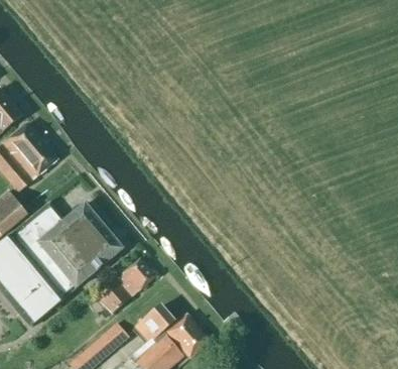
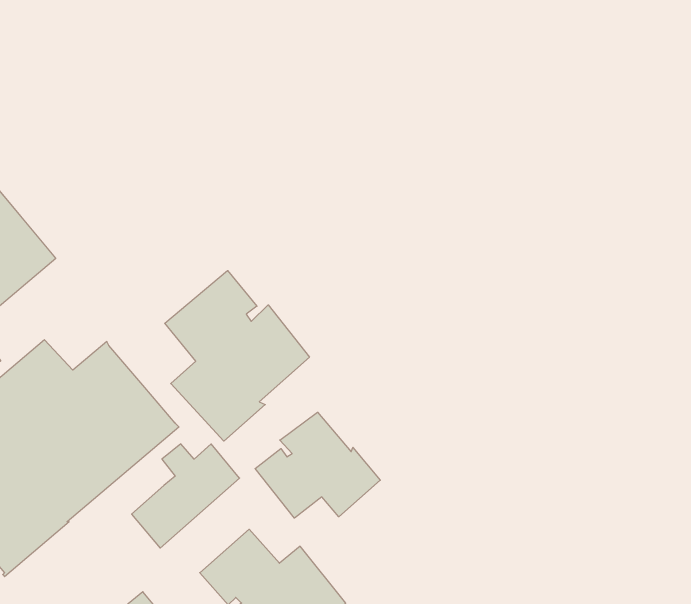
building: none -> [165,271,309,441]
building: none -> [255,412,380,518]

